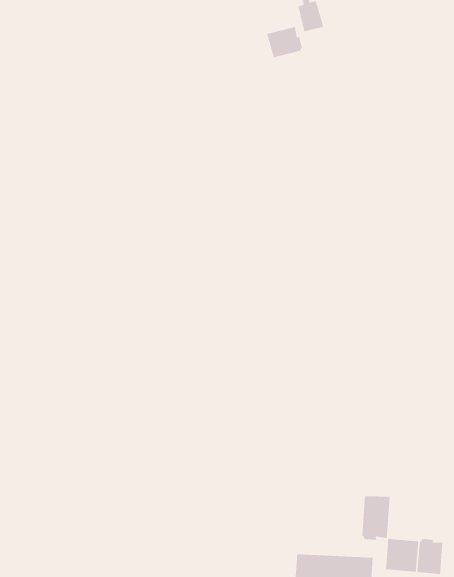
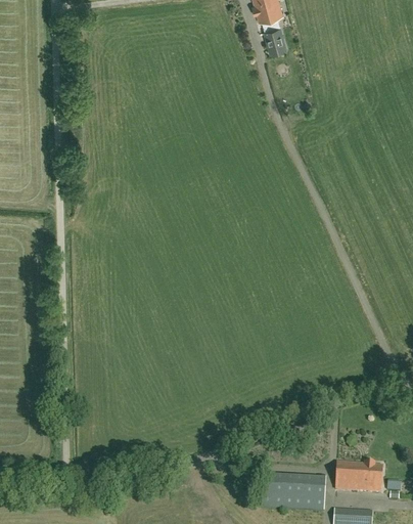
building: [266,26,303,58] -> none
building: [361,495,390,540] -> none

